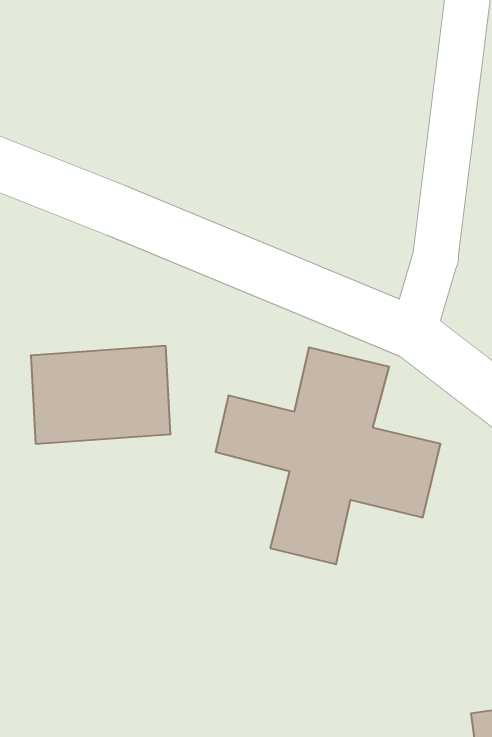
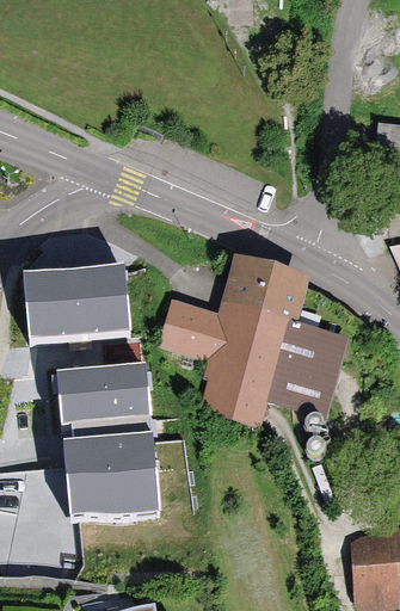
building: none -> [59,359,158,518]

